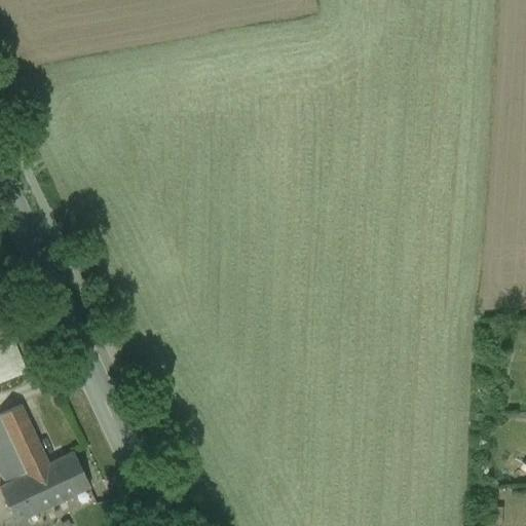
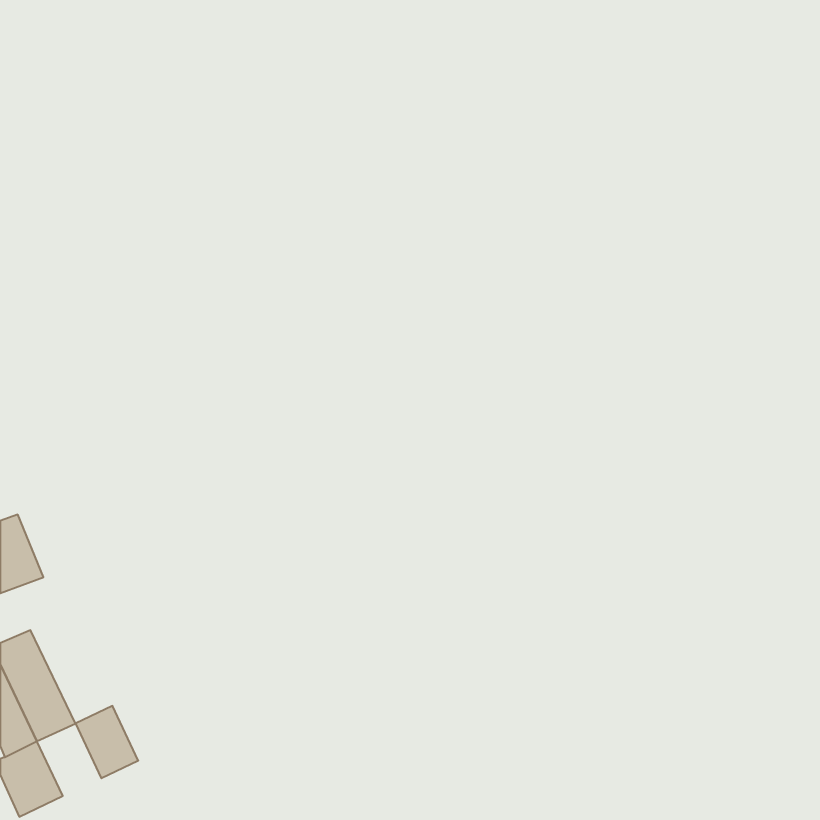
building: [25,463,66,510] -> none

